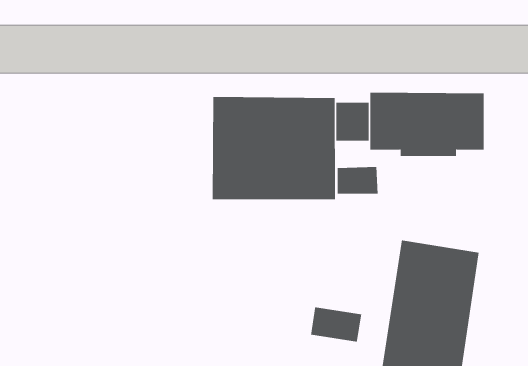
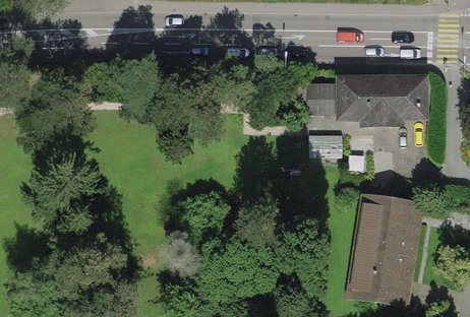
building: [212,96,335,200] -> none
building: [310,307,362,342] -> none

